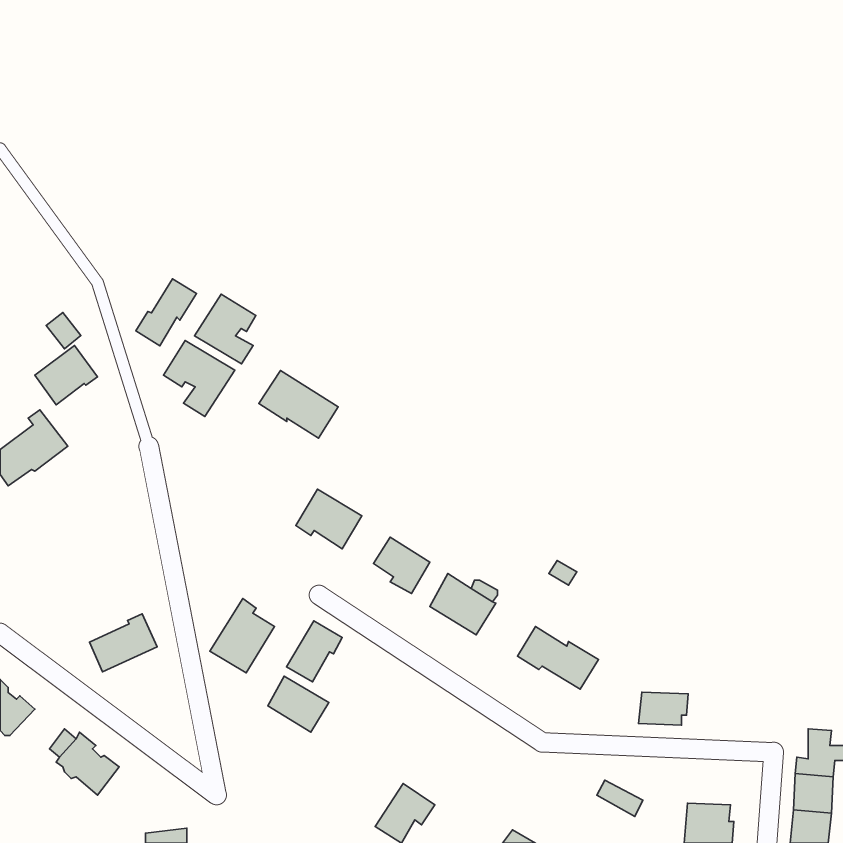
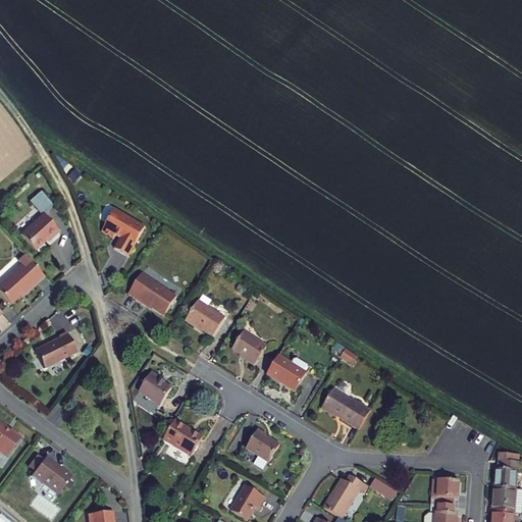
building: [136,279,196,346] -> none
building: [194,294,256,364] -> none
building: [259,370,338,438] -> [127,272,176,314]
building: [89,614,157,672] -> [32,331,73,367]
building: [287,621,342,682] -> none
building: none -> [247,426,280,468]
building: [638,692,688,725] -> [425,476,456,497]
building: none -> [323,470,366,514]

